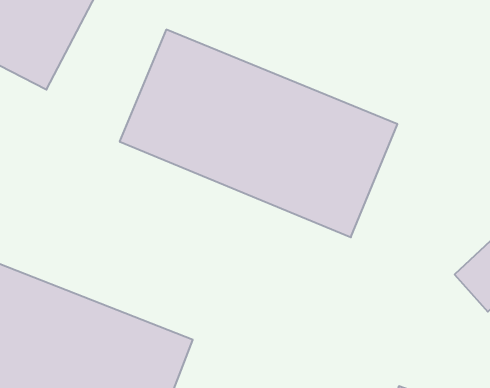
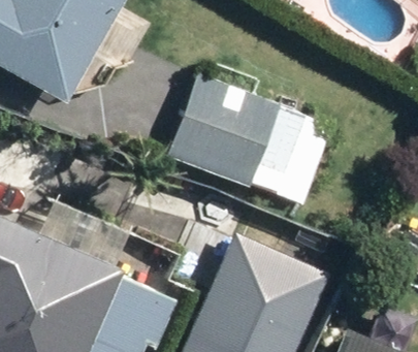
building: none -> [221,212,332,326]

